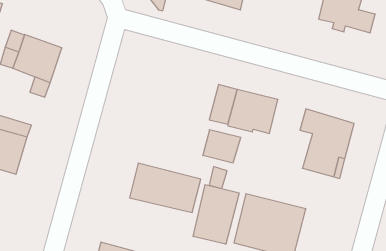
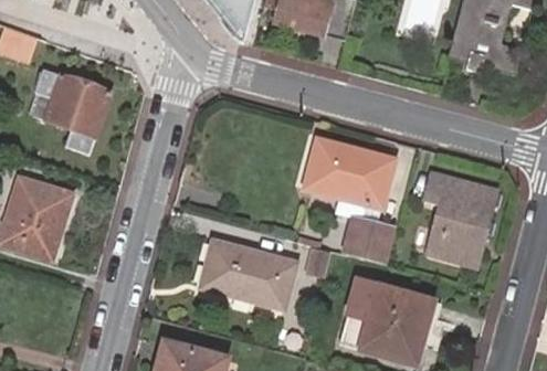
building: [203,130,241,163] -> [346,219,396,262]
building: [193,185,239,244] -> none

